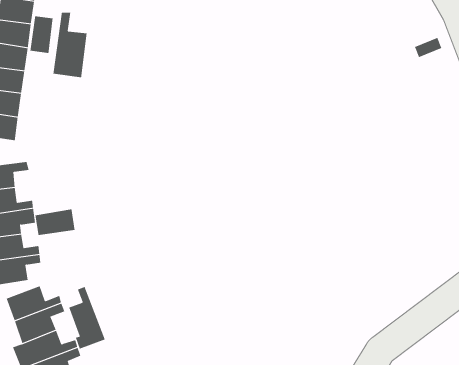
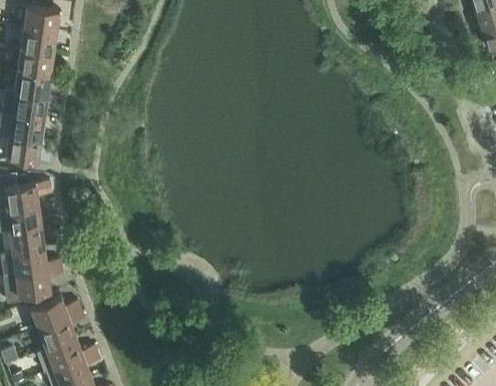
building: [53,12,87,78] -> none
building: [30,15,53,54] -> none
building: [35,209,75,236] -> none
building: [69,286,105,349] -> none

